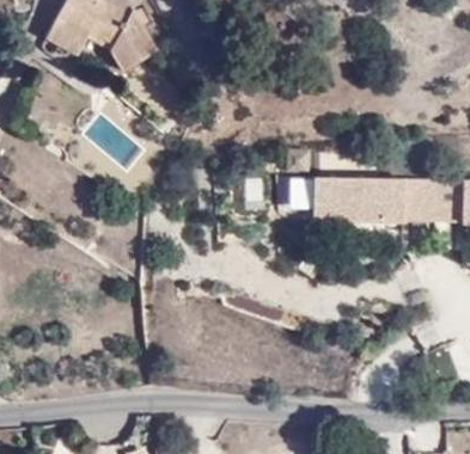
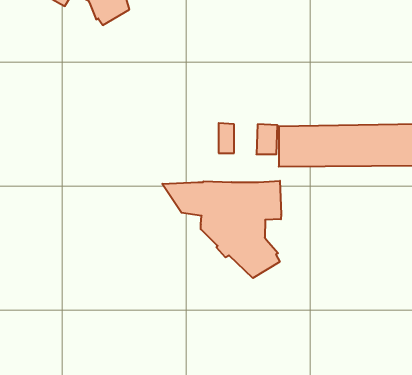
building: none -> [162,181,281,278]

